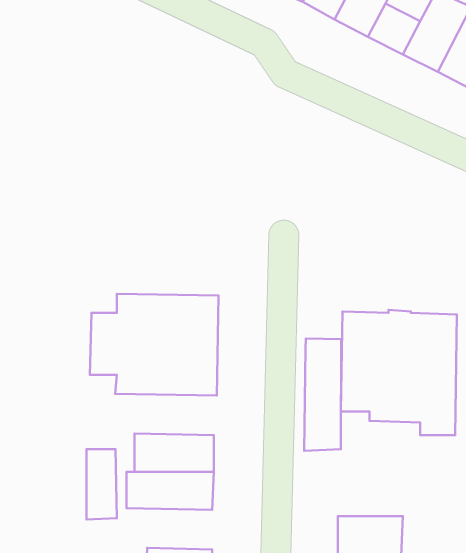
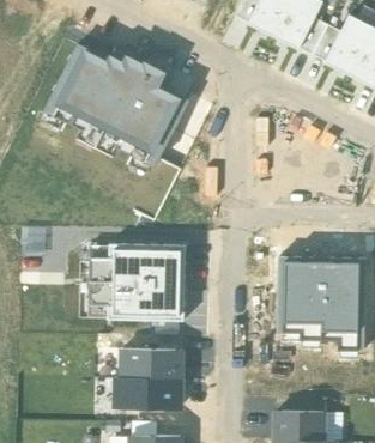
building: none -> [44,42,189,164]
building: [304,338,341,451] -> none
building: [87,449,117,520] -> none

